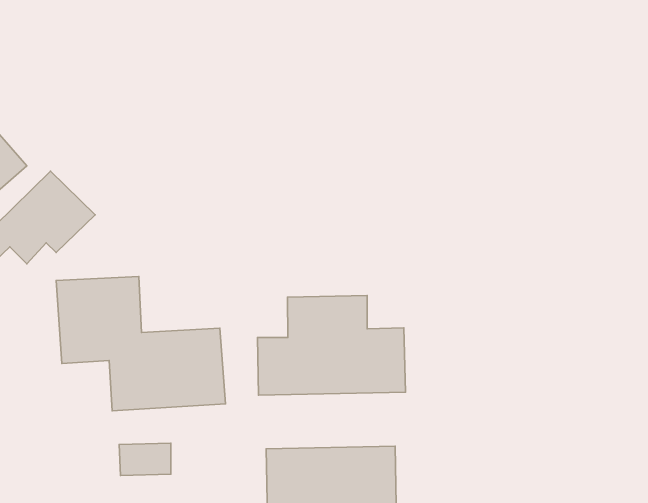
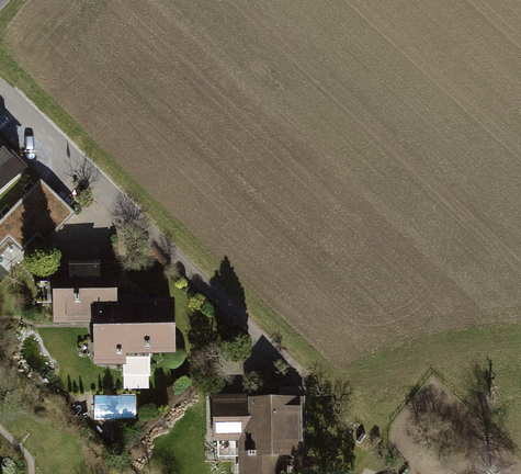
building: [257,295,405,395] -> none

